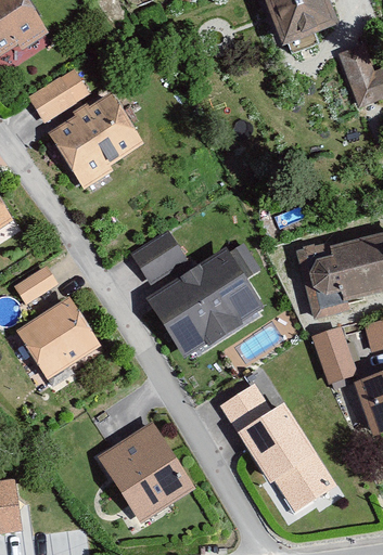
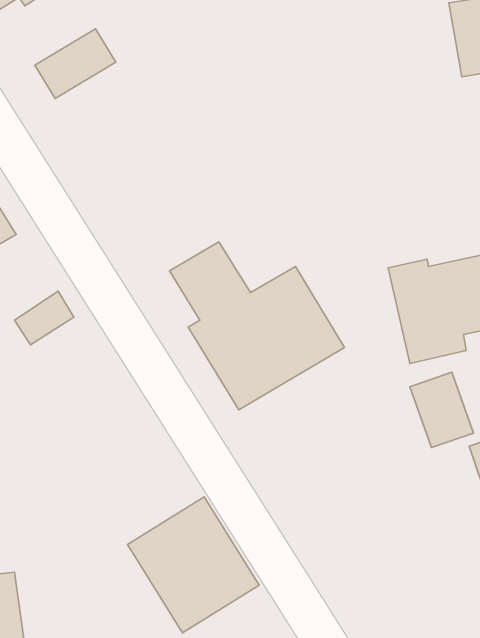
building: [48,94,144,185] -> none
building: [14,295,101,380] -> none
building: [220,385,336,515] -> none

